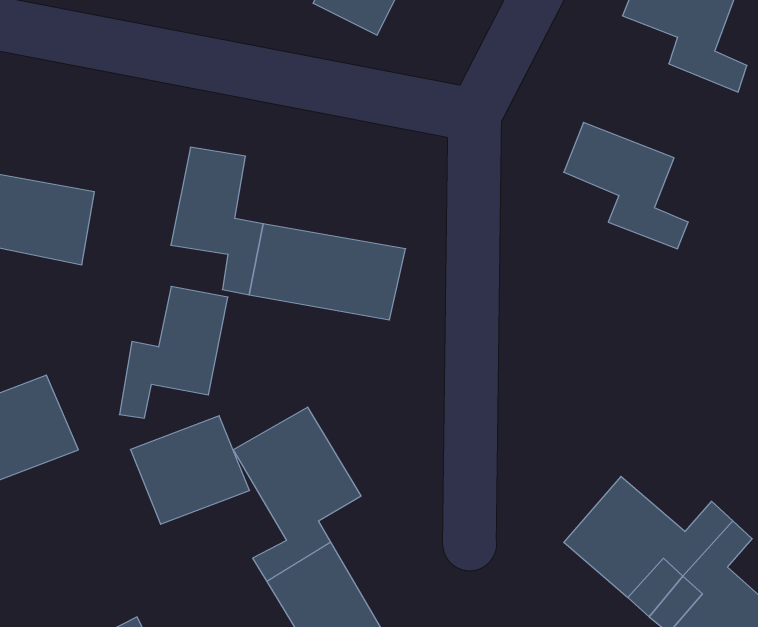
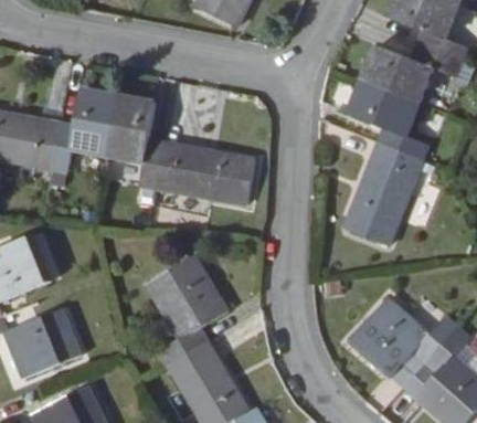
building: none -> [363,44,459,103]
building: none -> [346,142,422,244]
building: [119,286,228,418] -> [52,89,119,171]
building: [130,416,250,524] -> [7,310,81,378]

